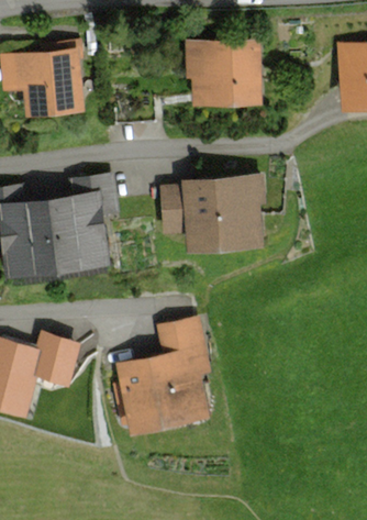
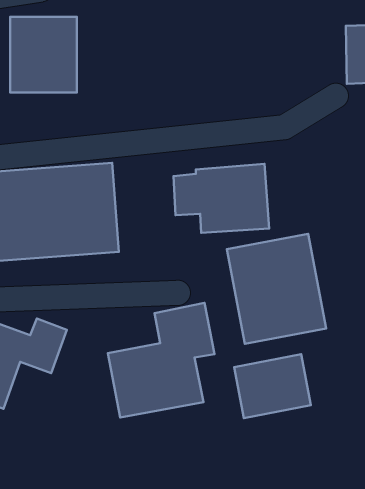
building: [187,43,255,101] -> none
building: none -> [227,234,326,344]
building: none -> [234,354,311,418]

